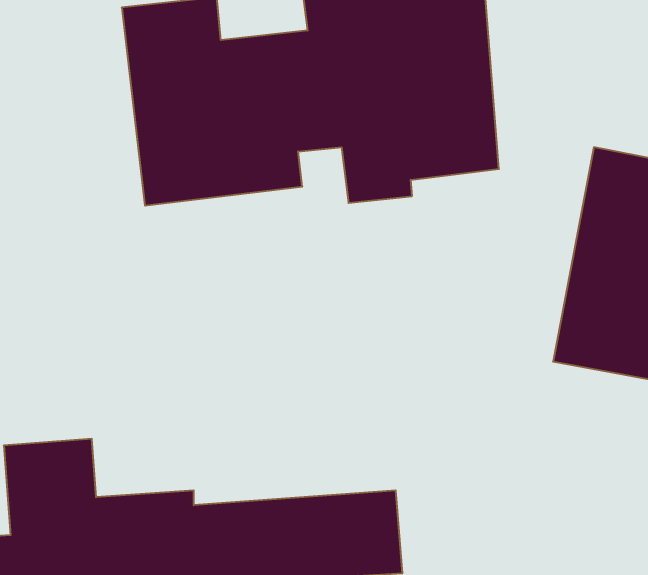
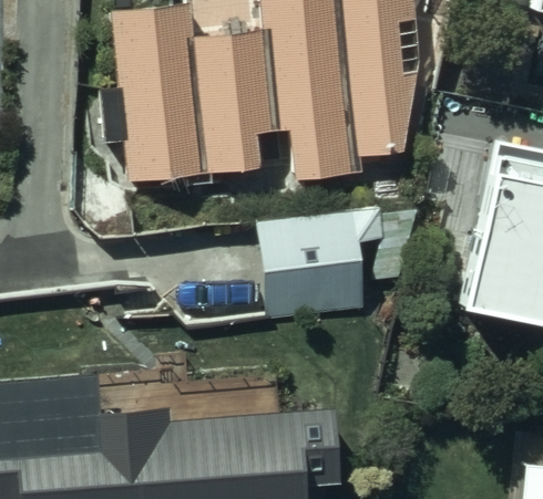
building: none -> [258,216,363,306]

